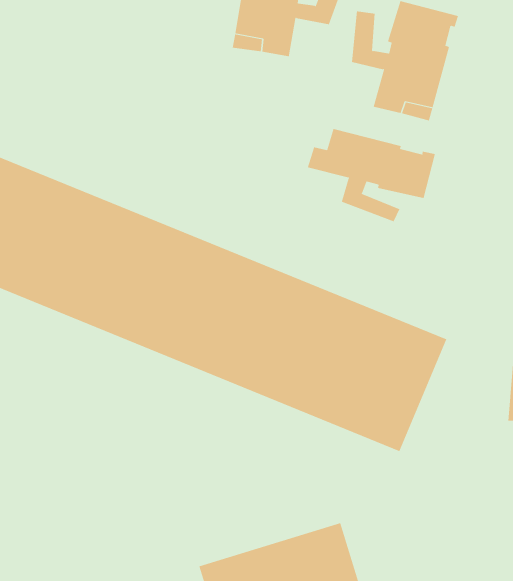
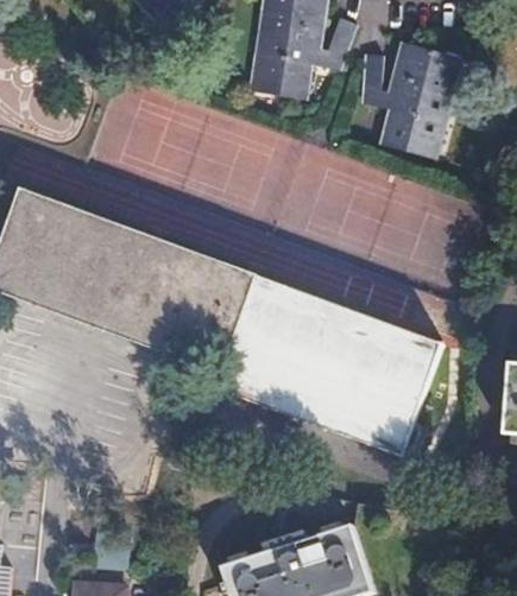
building: [307,128,435,222] -> none

